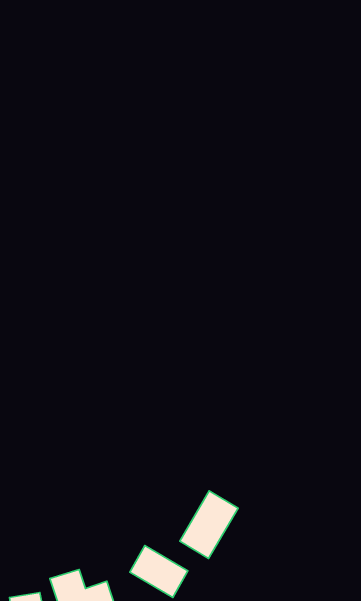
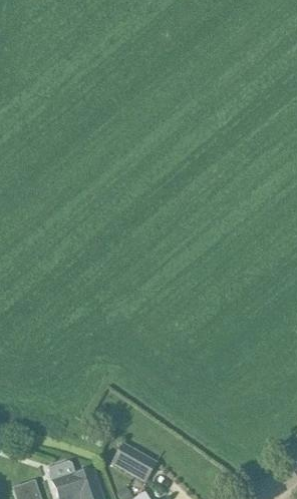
building: [180,491,238,558] -> none

